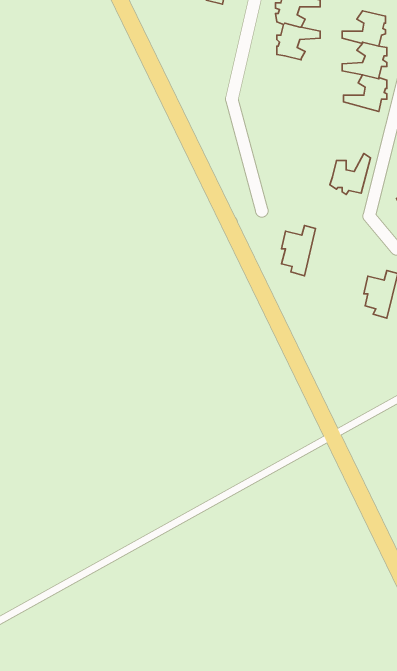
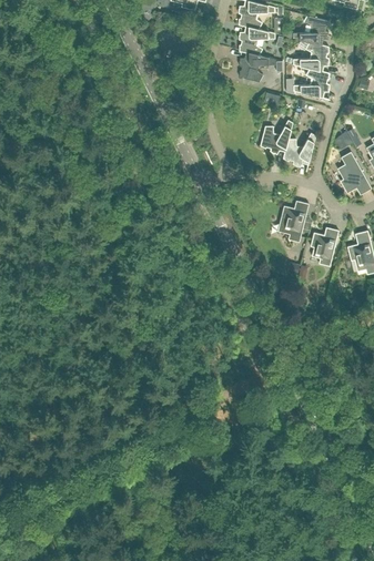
building: none -> [240,52,275,82]
building: none -> [261,120,293,152]
building: [281,226,315,276] -> [281,201,309,242]

